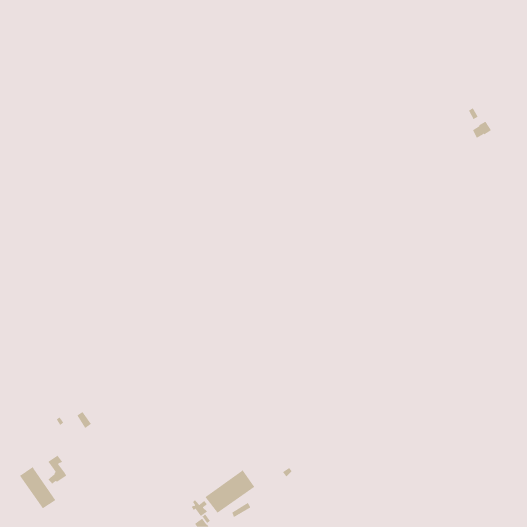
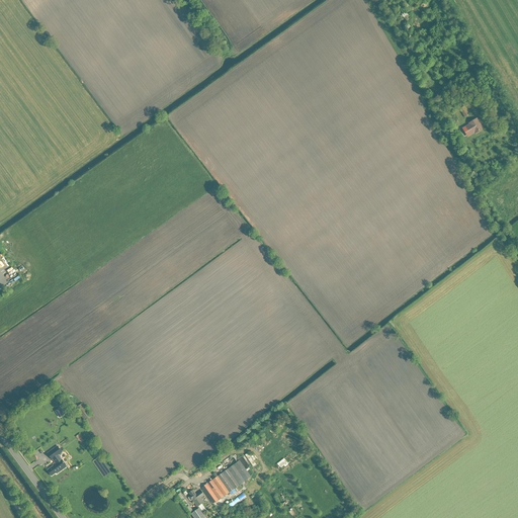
building: [19,466,56,509] -> none

